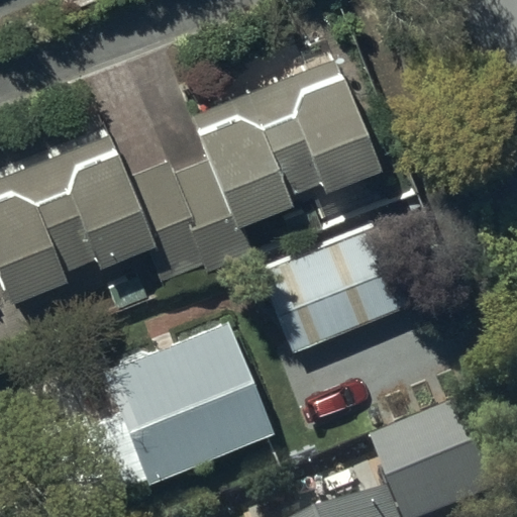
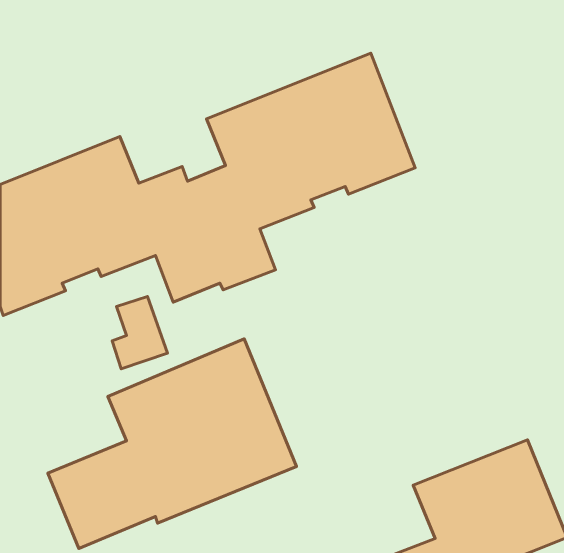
building: [257,223,416,358] -> none

